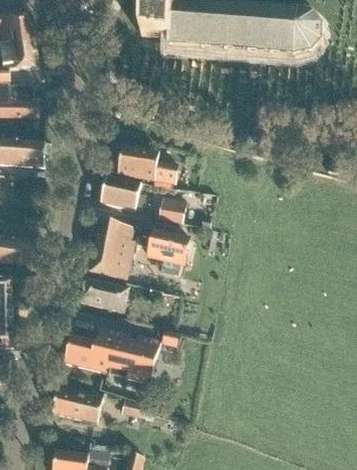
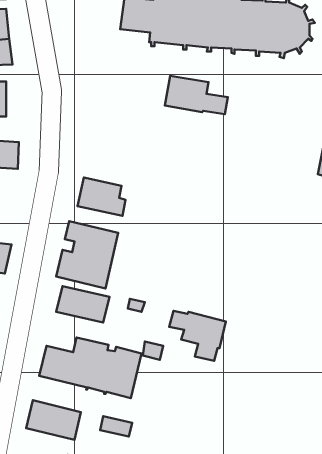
building: [117,146,176,183] -> [165,76,228,114]
building: [157,198,187,224] -> none
building: [136,228,190,275] -> [169,311,226,361]

